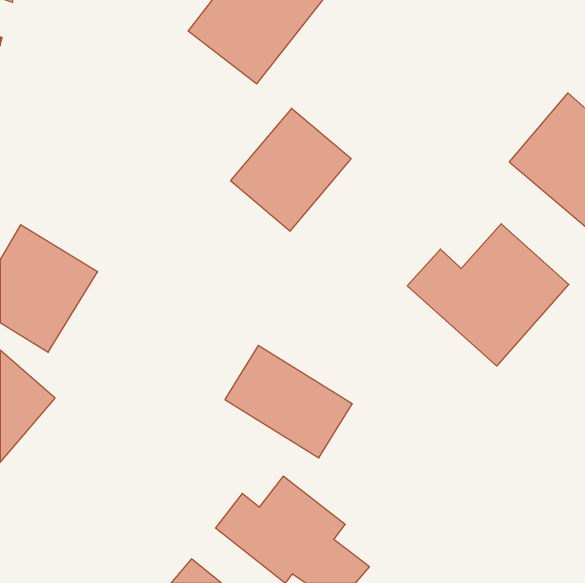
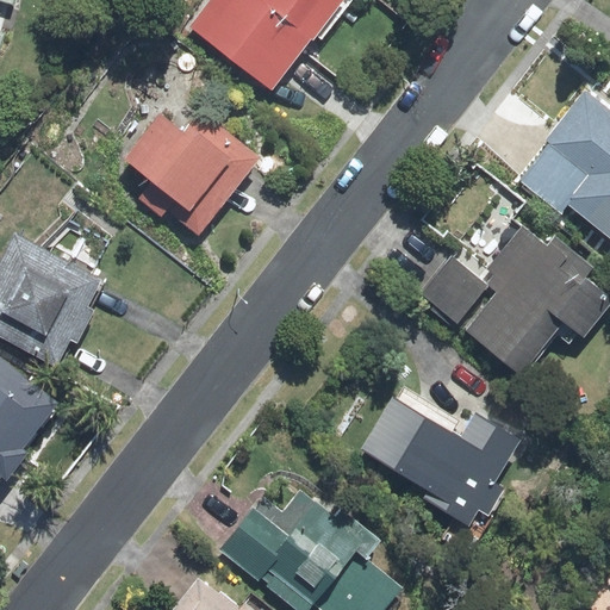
building: [231,108,351,231] -> [125,106,250,234]
building: [225,345,352,458] -> [361,391,493,508]

